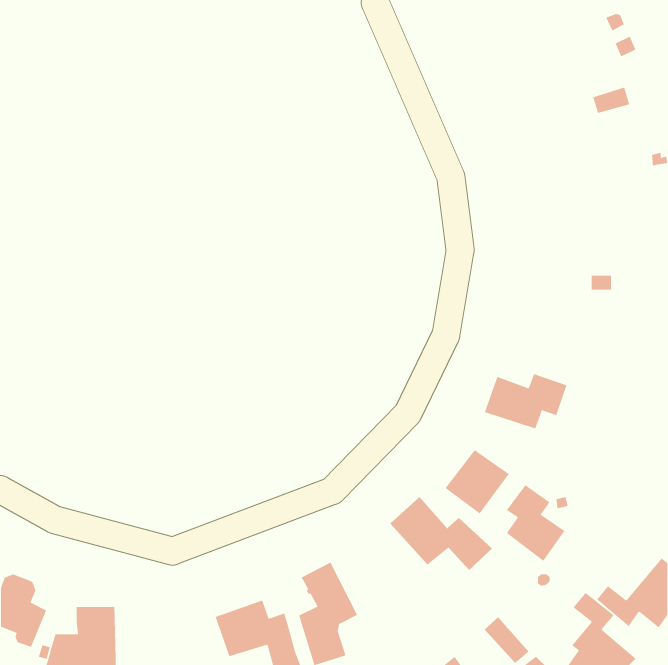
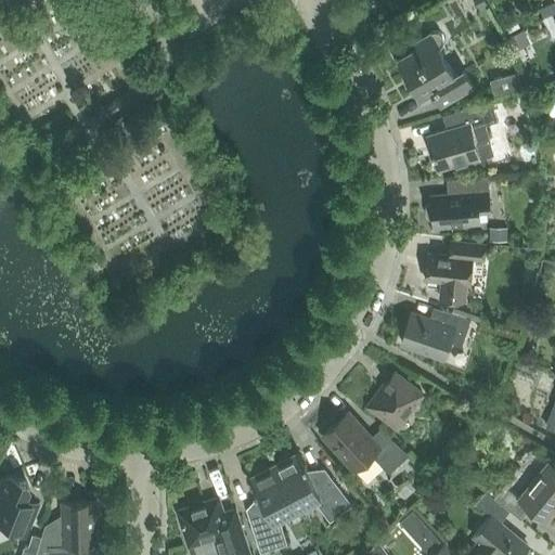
building: none -> [398,34,474,107]
building: none -> [427,103,498,172]
building: none -> [431,179,490,229]
building: none -> [425,243,486,304]
building: [506,484,566,562] -> none
building: none -> [274,455,352,525]

